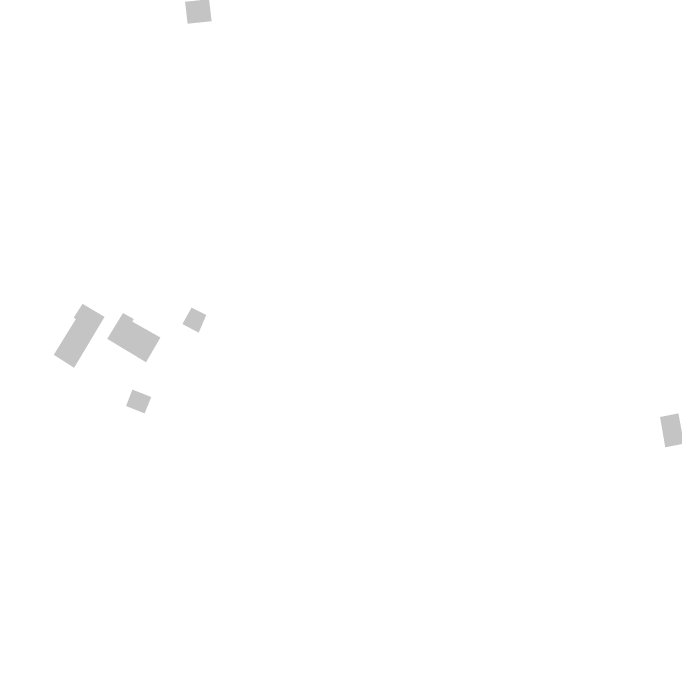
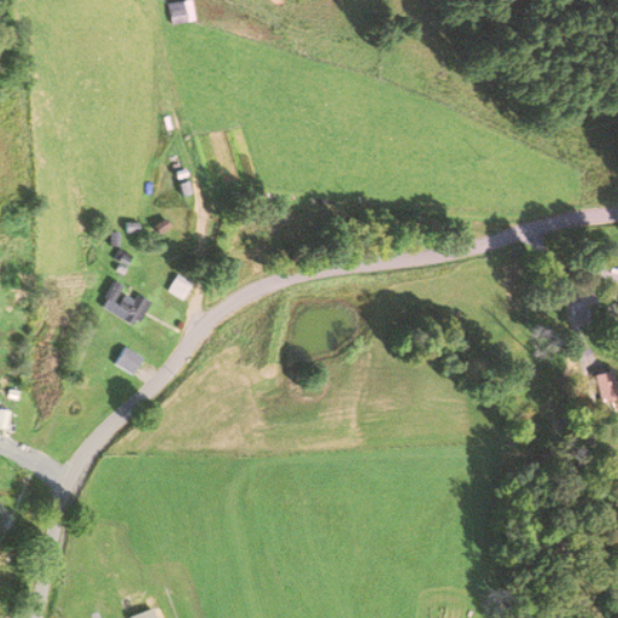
building: [53,303,105,369] -> none

